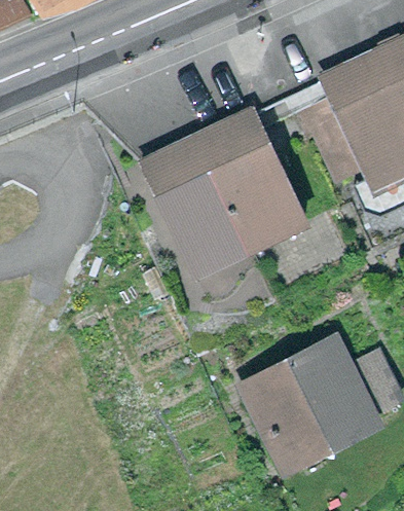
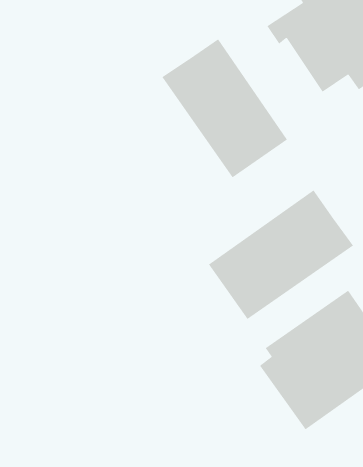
building: [142,133,246,257] -> none
building: none -> [208,190,354,320]

